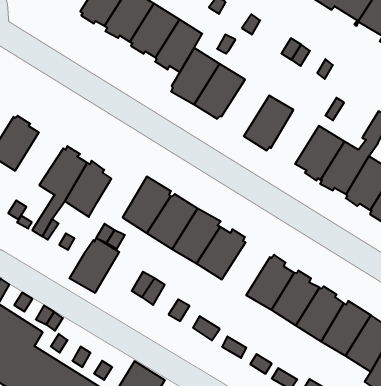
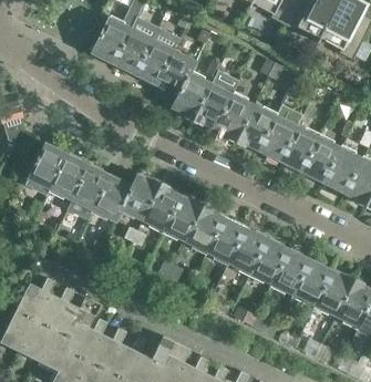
building: none -> [215,95,253,142]
building: none -> [258,116,296,162]
building: none -> [50,153,87,198]
building: [69,238,119,293] -> [120,173,158,218]
building: none -> [228,229,266,272]

